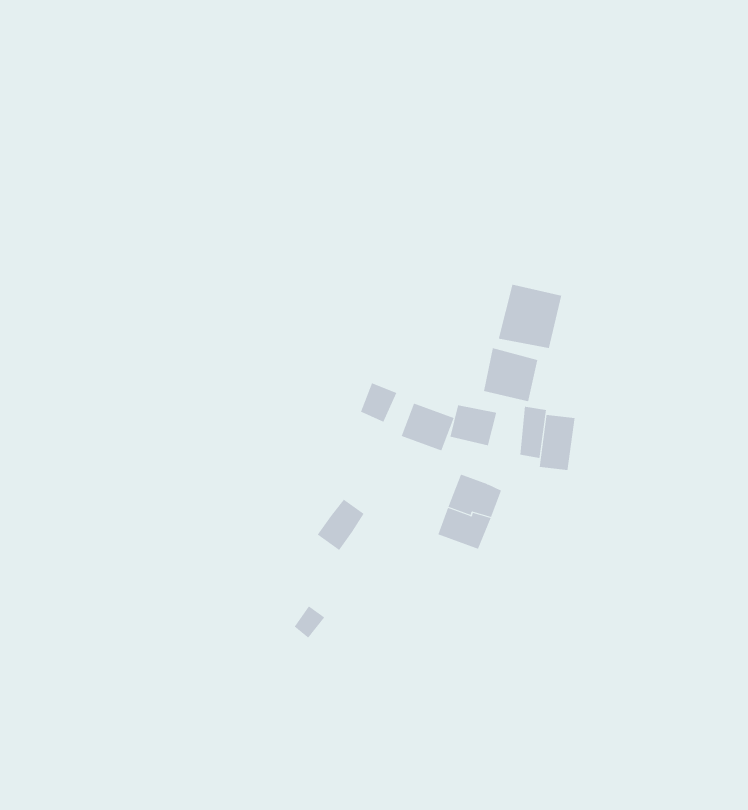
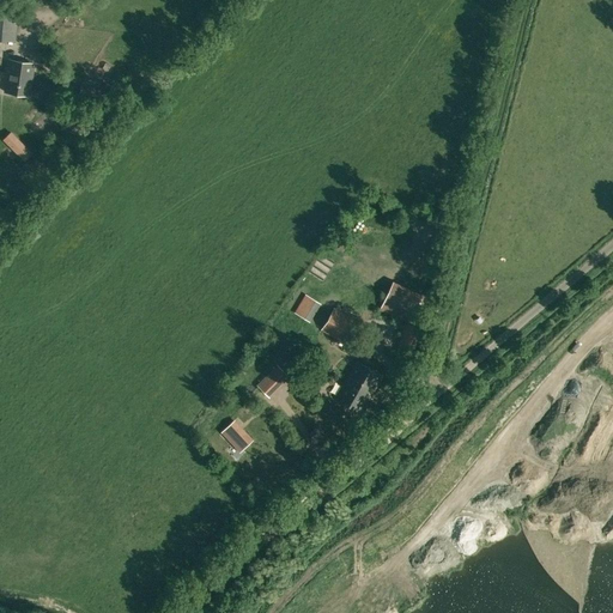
building: [498,284,562,349] -> none
building: [450,404,497,446] -> none
building: [539,414,575,471] -> none

